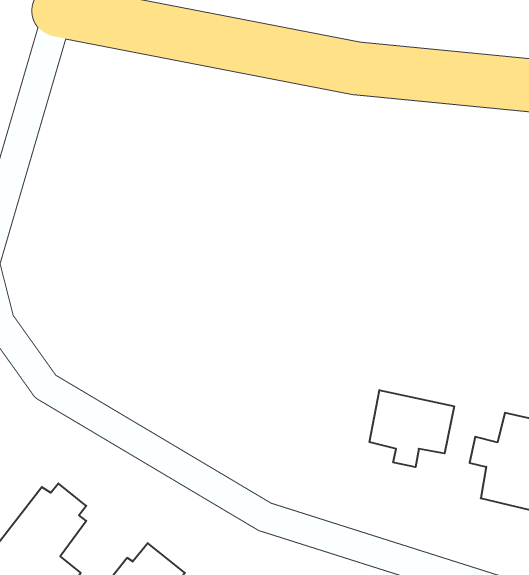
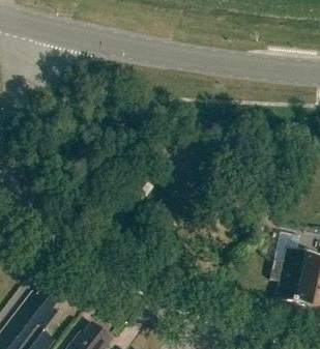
building: [369,390,454,467] -> none

